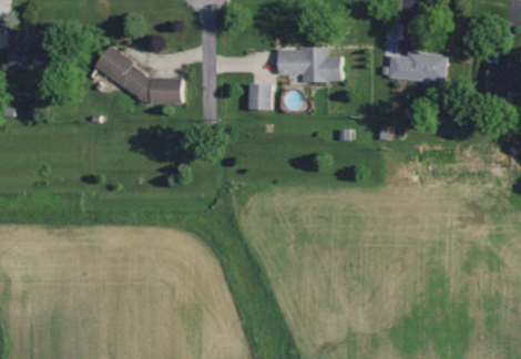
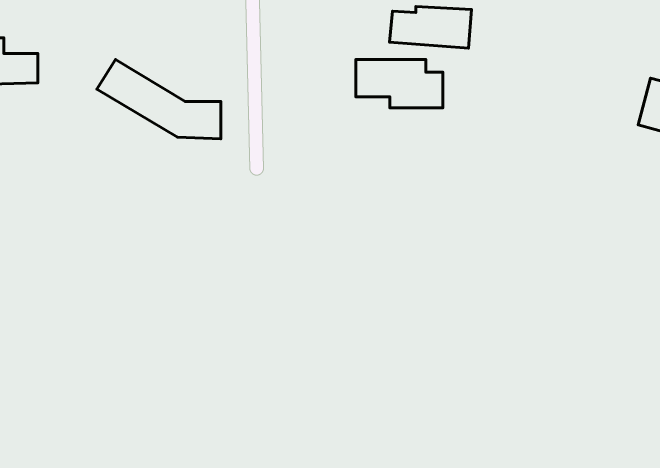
building: [388,51,447,81] -> [389,6,472,48]
building: [248,82,272,110] -> none

